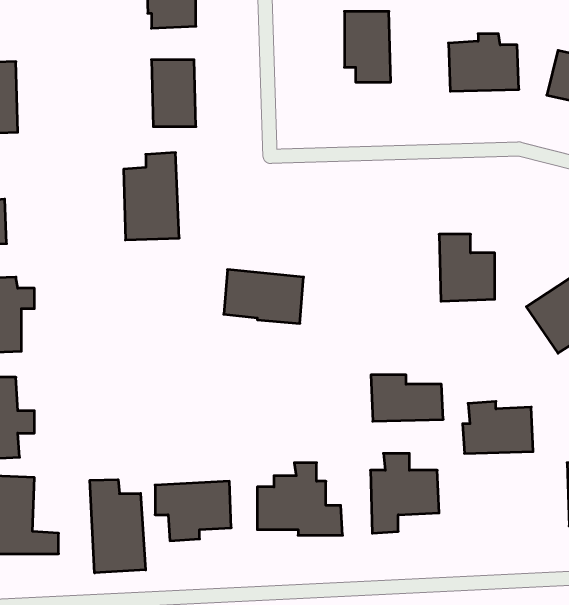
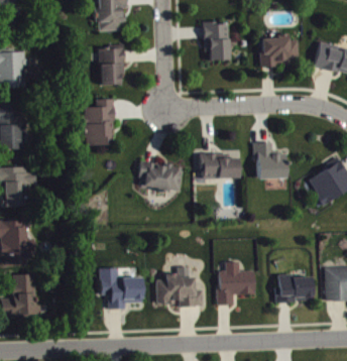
building: [371,375,443,421] -> [200,153,239,178]
building: [463,401,533,453] -> [274,273,313,302]
building: [90,480,146,573] -> none

